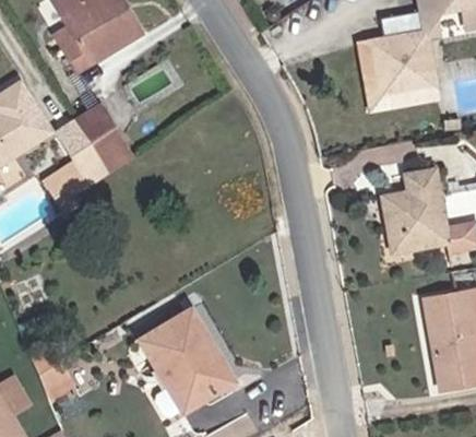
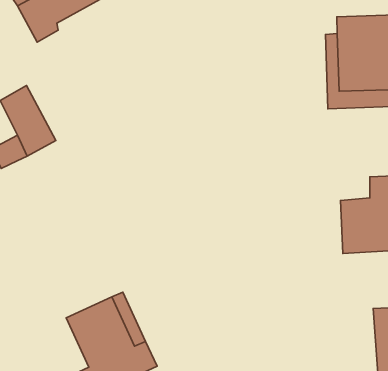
building: [81,110,134,172] -> none

